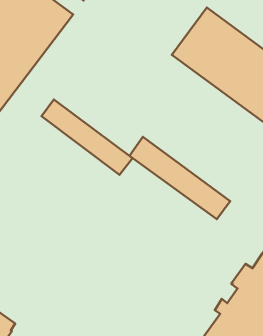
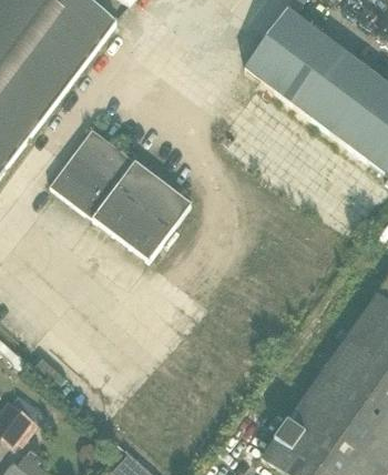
building: none -> [51,148,176,257]
building: [130,137,230,219] -> none

